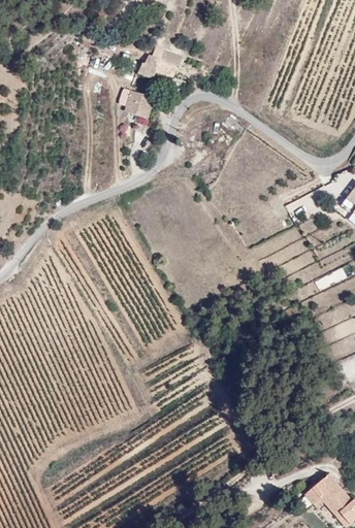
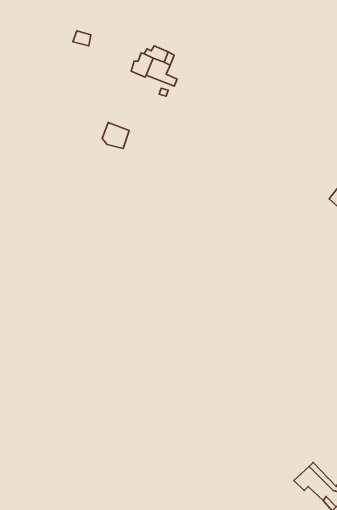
building: [127,91,155,118] -> [102,122,129,149]

